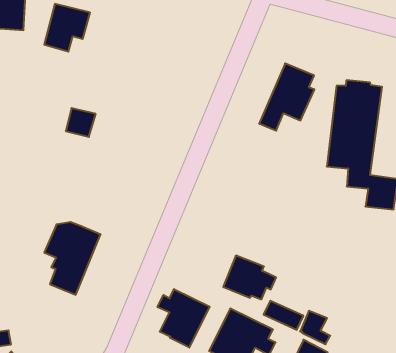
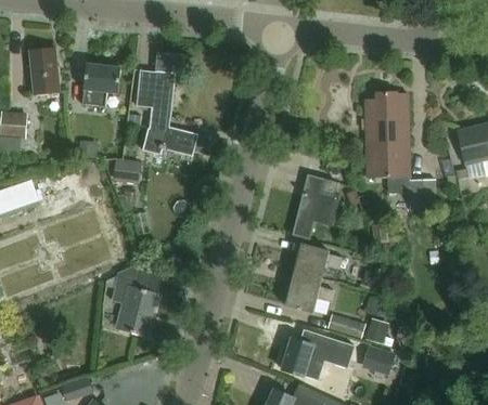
building: none -> [137,68,198,154]
building: [259,63,314,131] -> [292,174,339,239]
building: none -> [293,244,342,282]
building: [158,289,210,348] -> none

